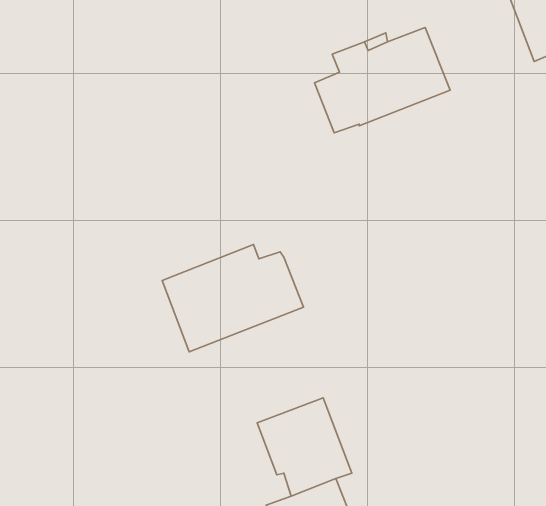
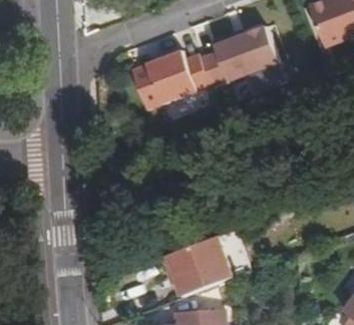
building: [162,245,303,352] -> [132,54,212,114]

